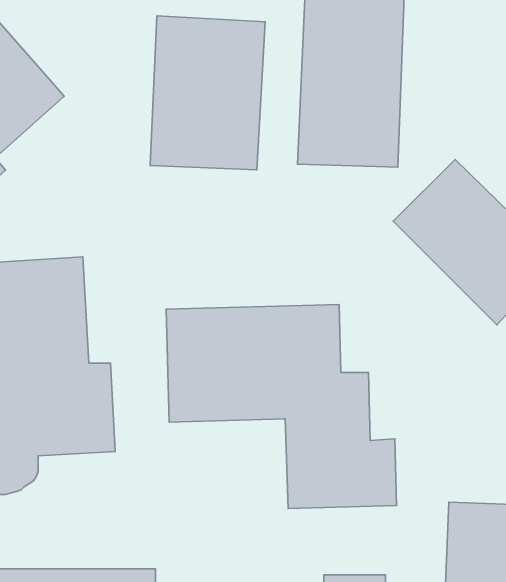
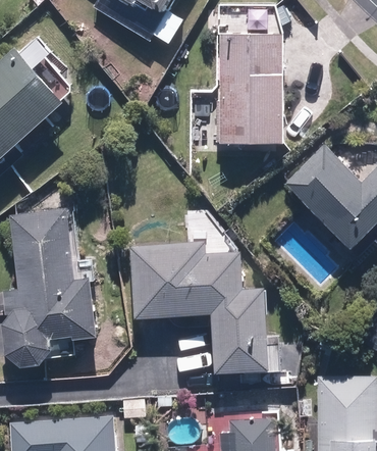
building: [150,16,265,170] -> none

